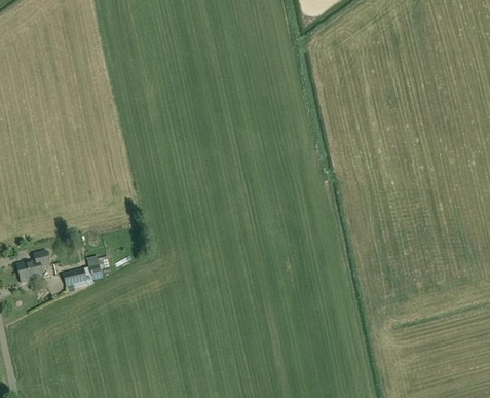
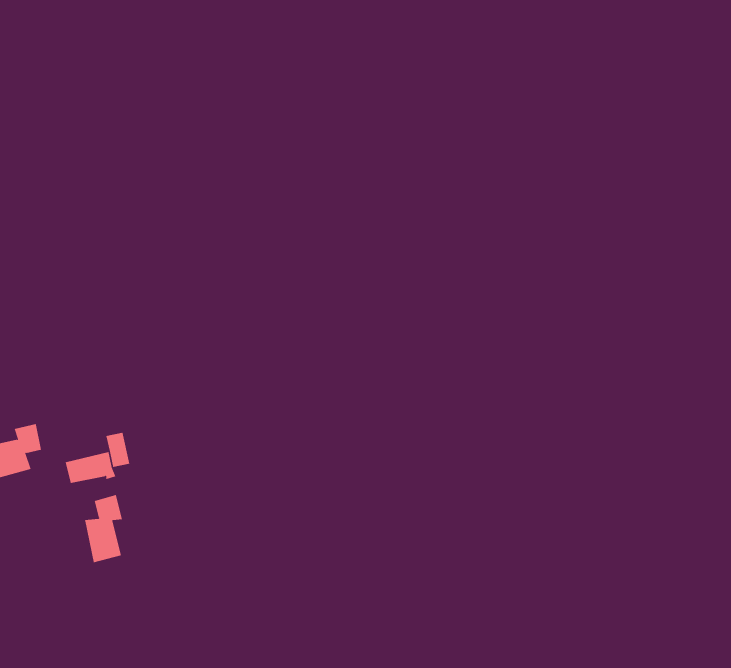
building: none -> [84,494,122,563]

